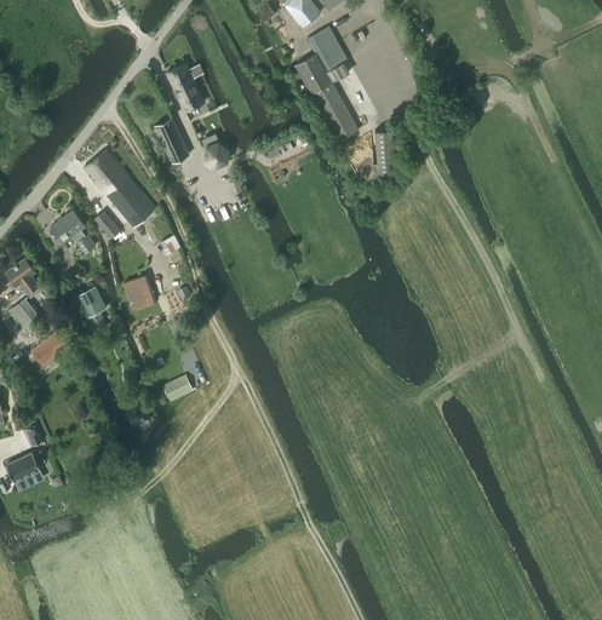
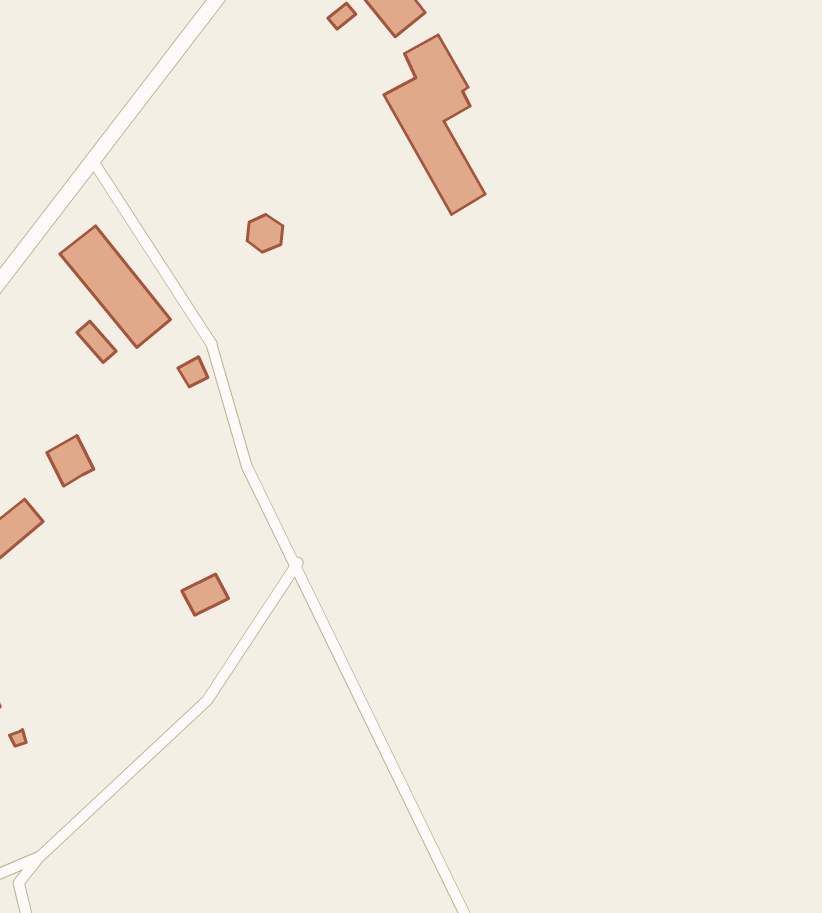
building: [166,63,203,110] -> none
building: [155,119,188,161] -> none
building: [50,209,94,253] -> none
building: [122,274,156,310] -> none

